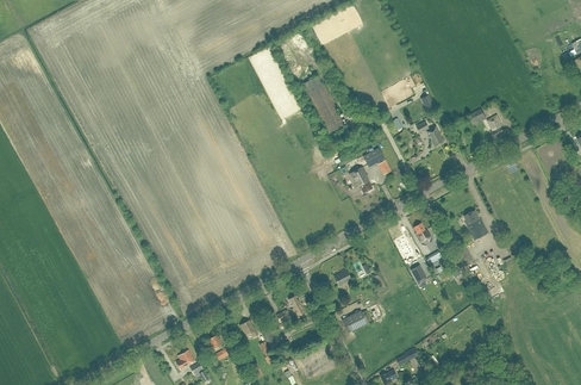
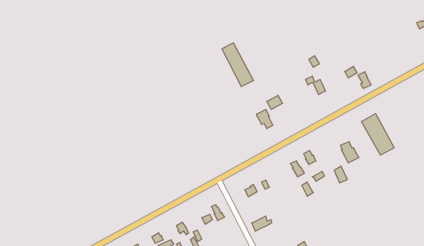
building: none -> [362,114,394,155]

